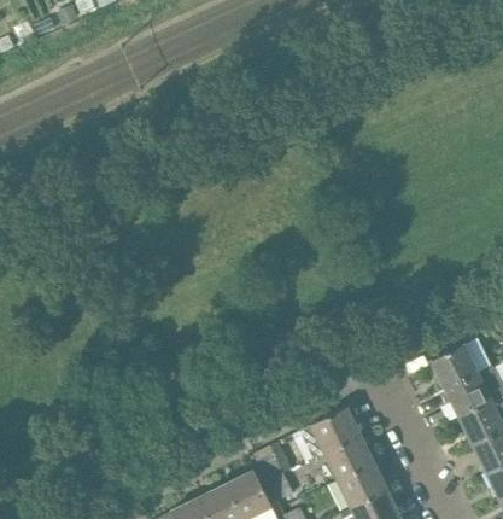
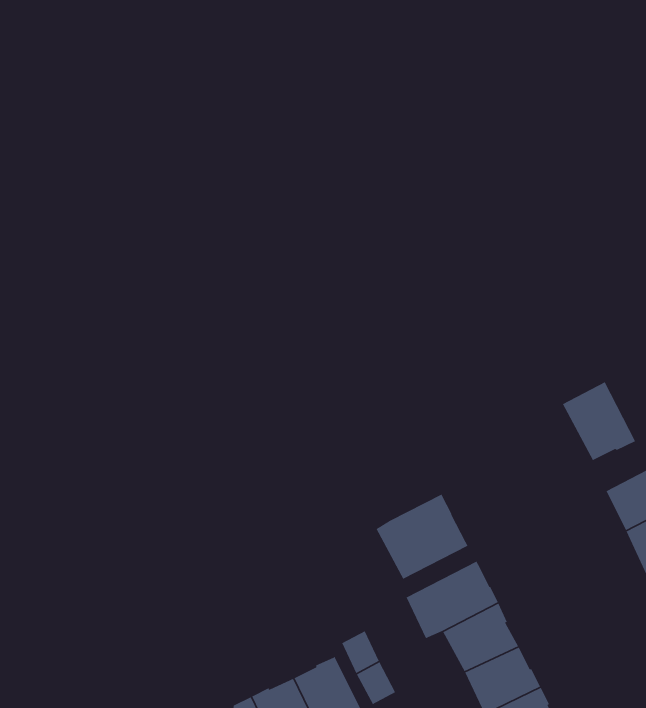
building: none -> [562,381,636,461]
building: none -> [375,494,468,580]

